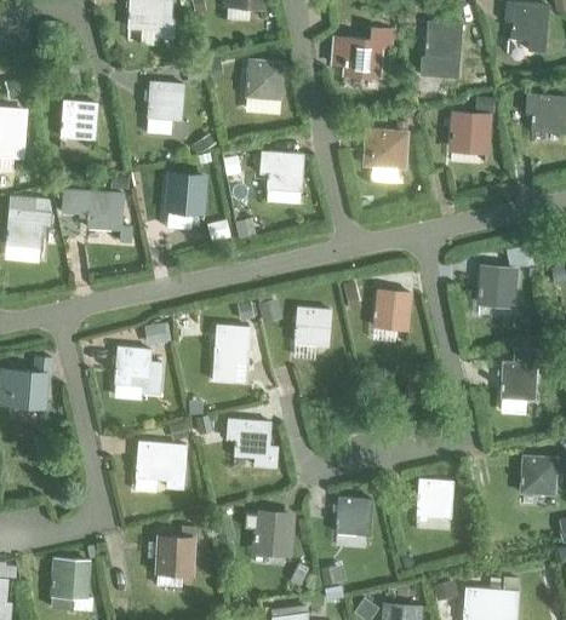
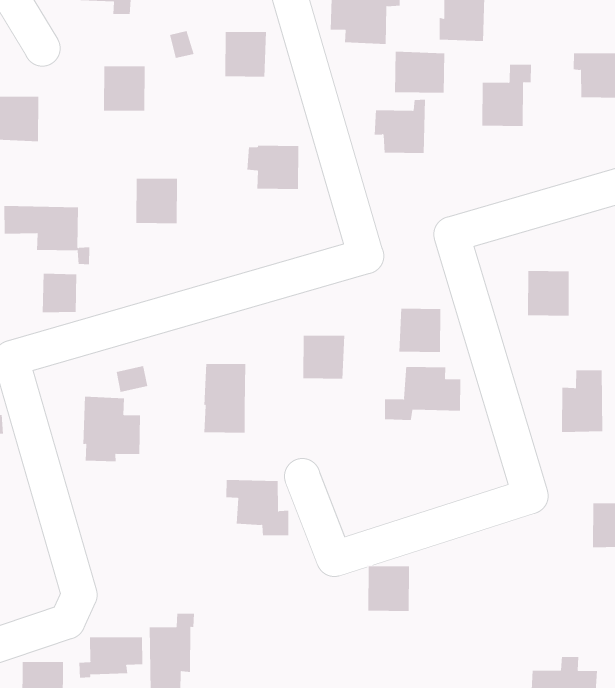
building: none -> [395,51,445,93]
building: none -> [42,273,77,313]
building: none -> [384,366,461,421]
building: [135,442,187,490] -> none
building: [417,478,452,517] -> none
building: [256,513,292,552] -> none
building: none -> [79,636,143,679]

